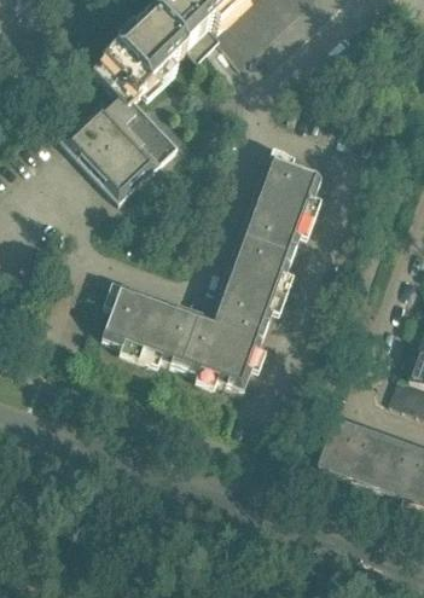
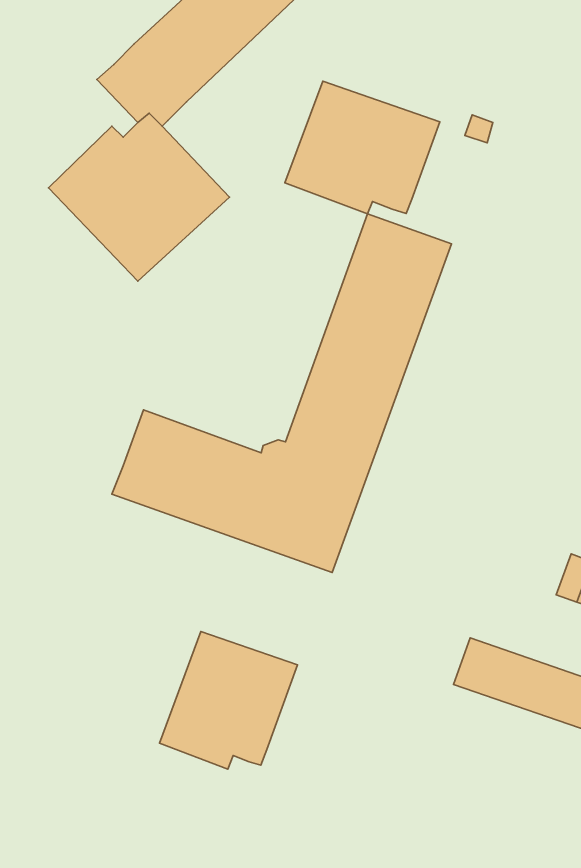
building: none -> [285,81,440,214]
building: none -> [160,632,298,769]

